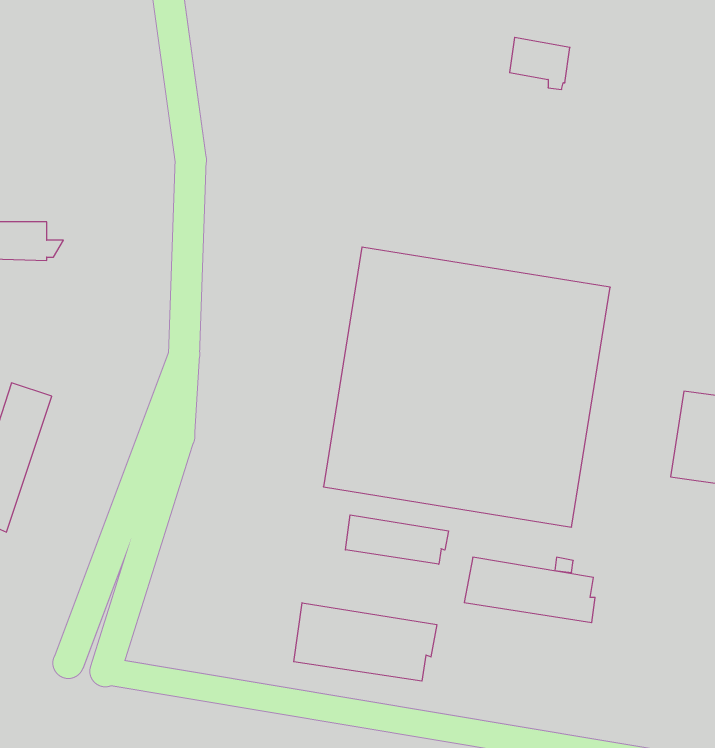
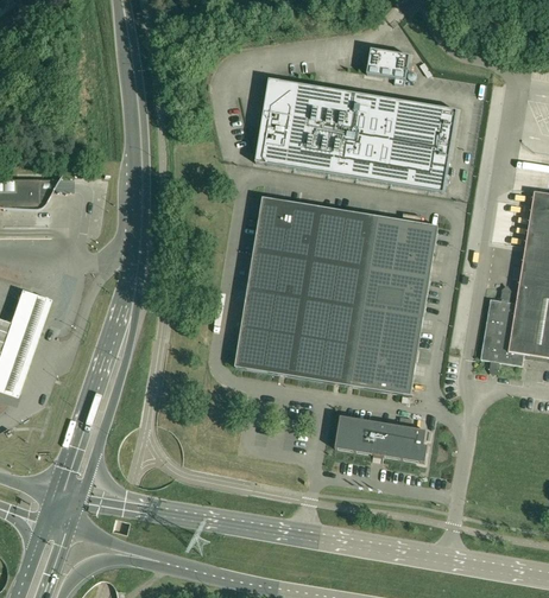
building: none -> [254,78,456,192]
building: [345,515,448,564] -> none
building: [294,603,437,681] -> none

